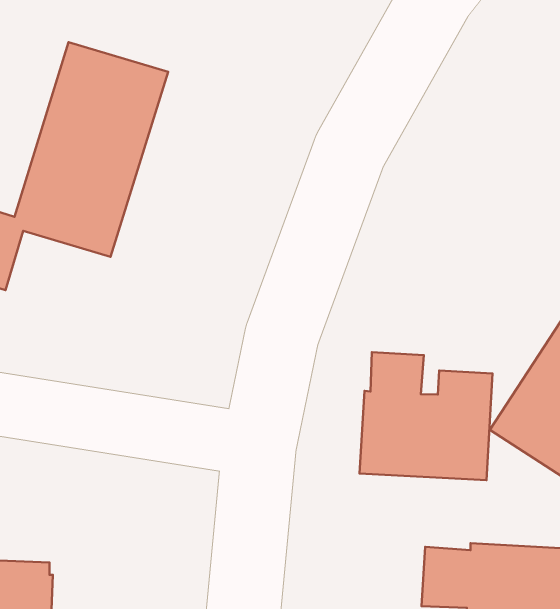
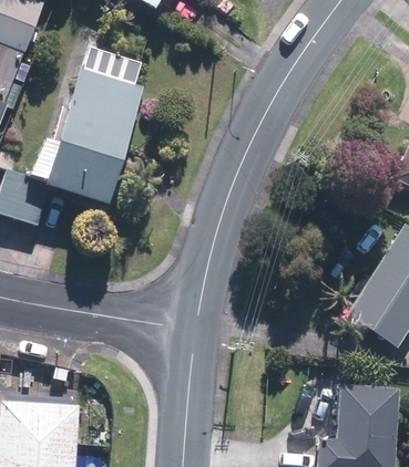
building: [360,352,493,480] -> none

